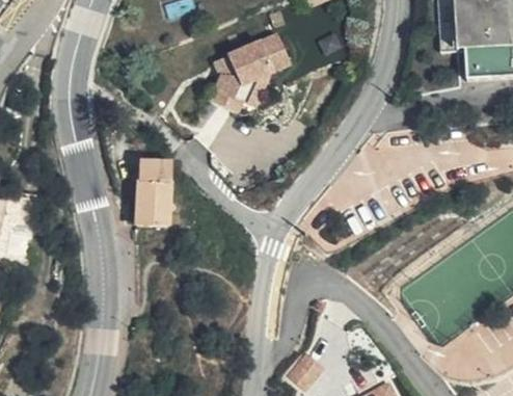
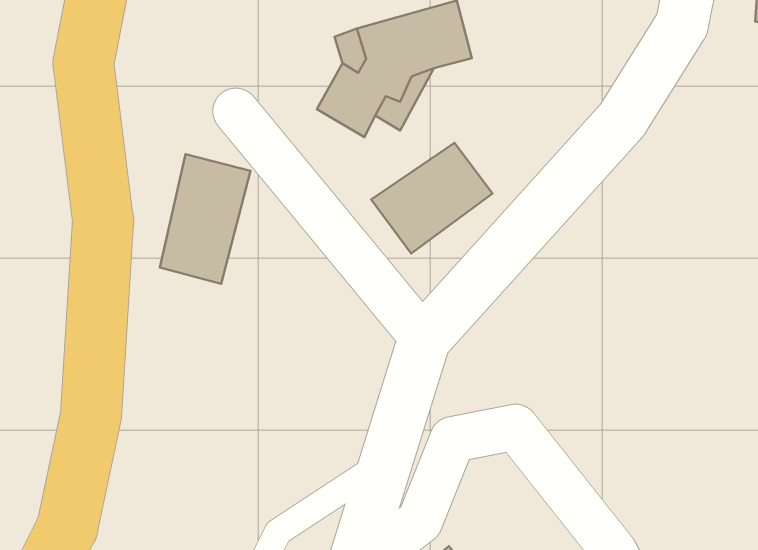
building: none -> [371,143,492,254]

